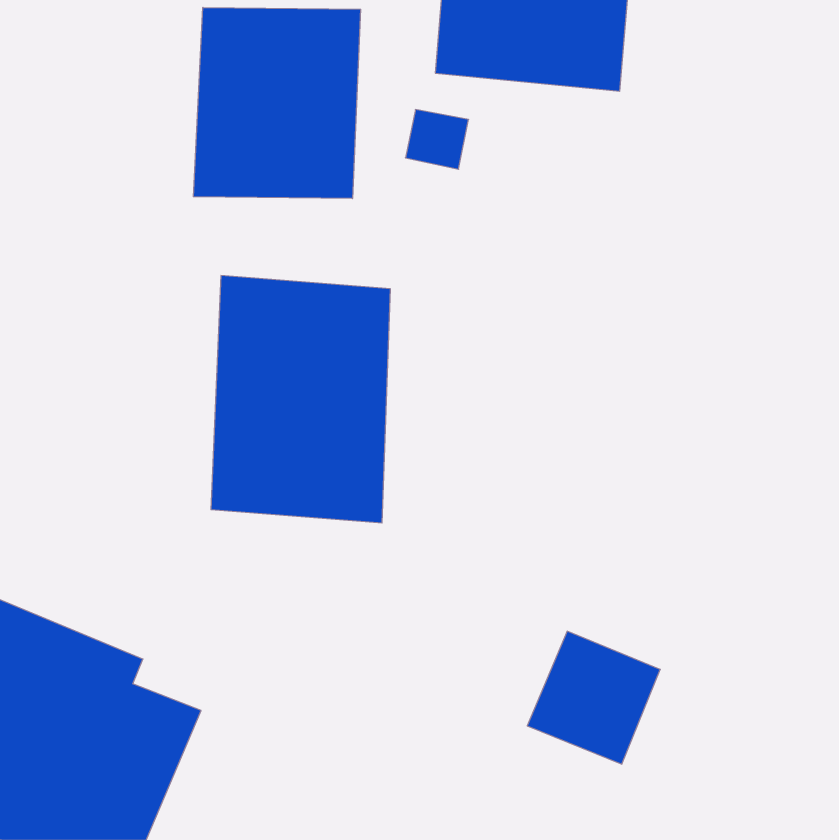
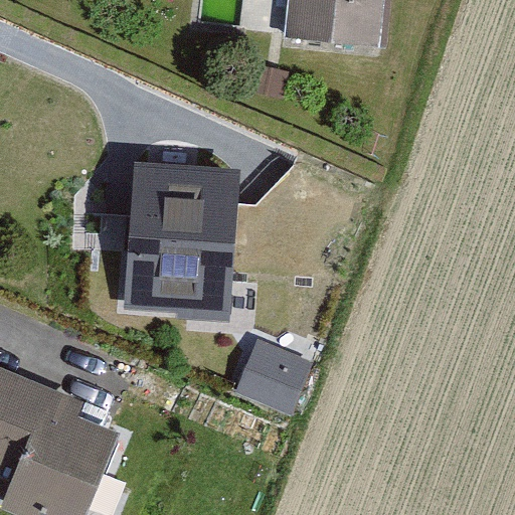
building: [193,7,361,199] -> none
building: [527,631,660,764] -> [228,333,309,413]

